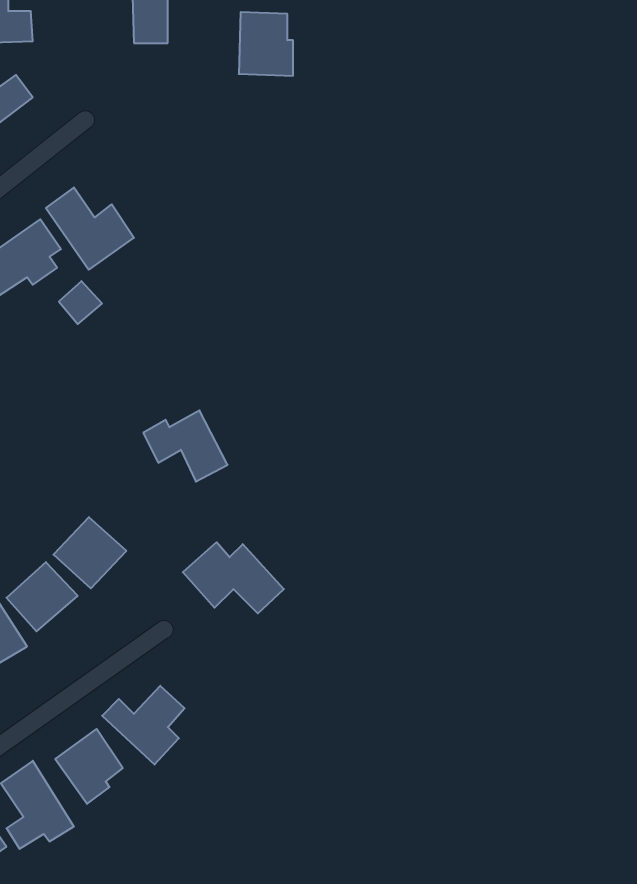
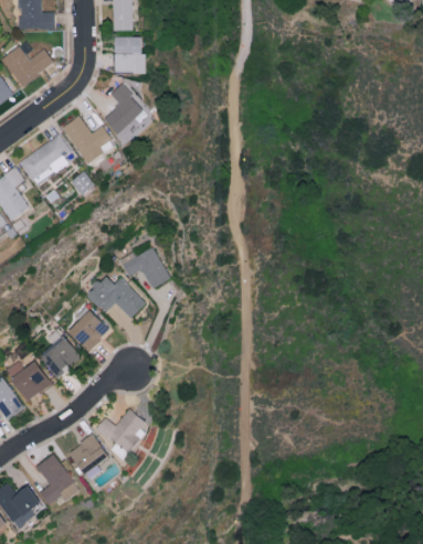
building: [239,12,293,76] -> [114,35,146,73]
building: none -> [103,84,145,134]
building: [183,542,284,613] -> [85,275,145,317]

